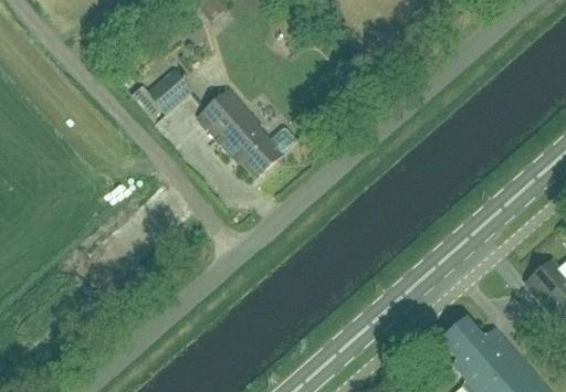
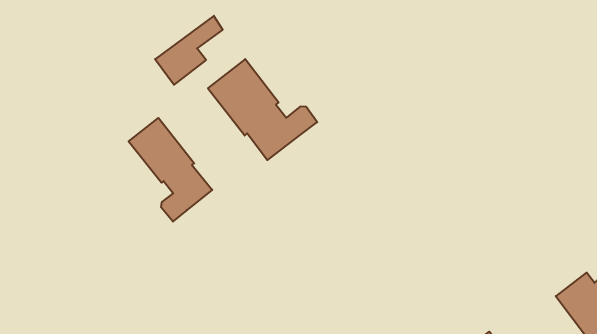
building: none -> [129,118,212,222]

